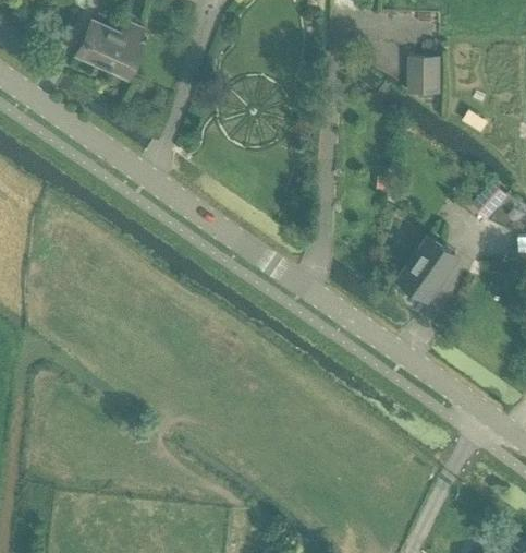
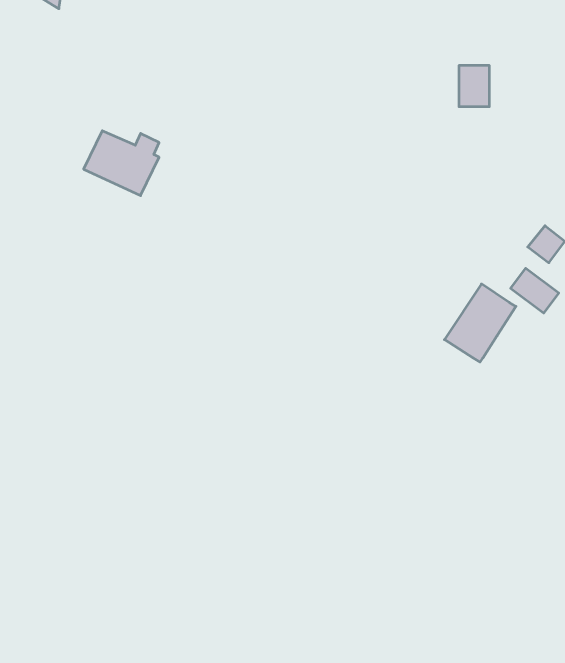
building: [79,22,142,75] -> [84,131,159,196]
building: none -> [511,268,559,313]

